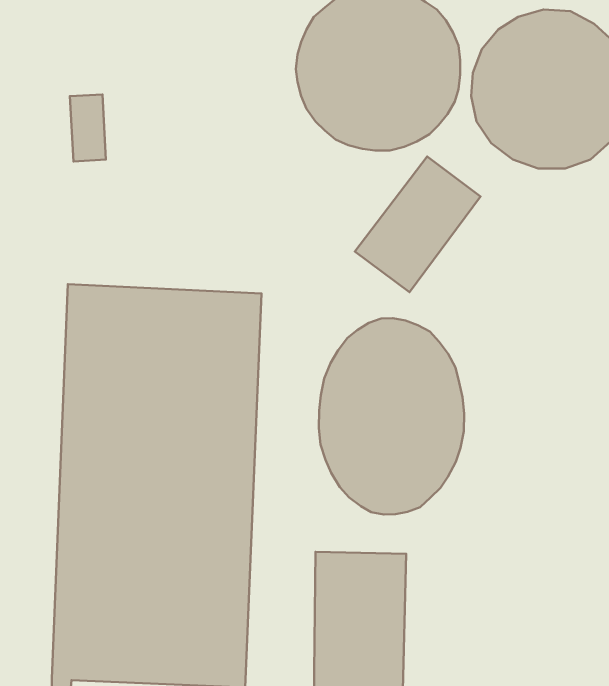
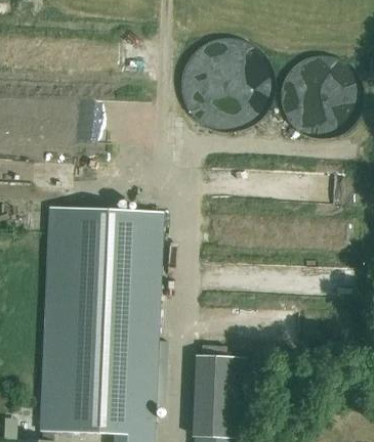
building: [355,156,481,292] -> none
building: [319,318,464,514] -> none

